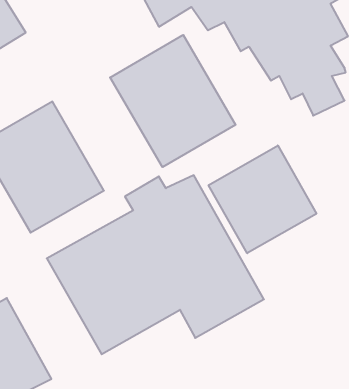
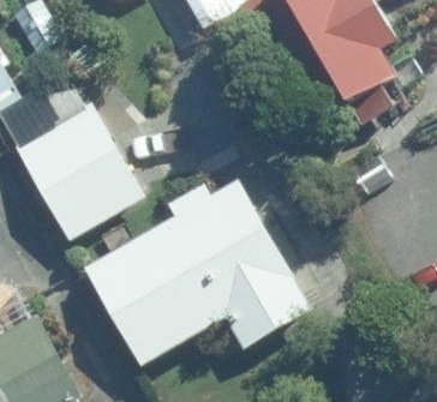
building: [110,35,236,167] -> none
building: [209,145,316,253] -> none

